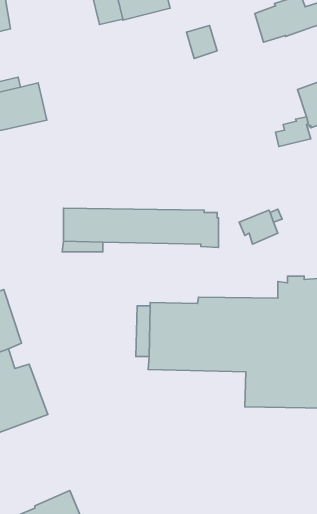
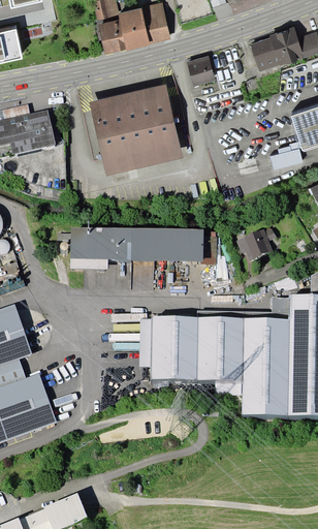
building: none -> [89,84,182,176]

